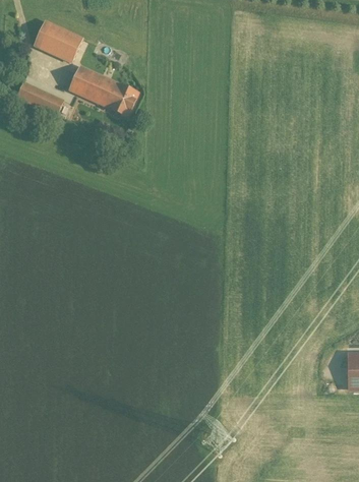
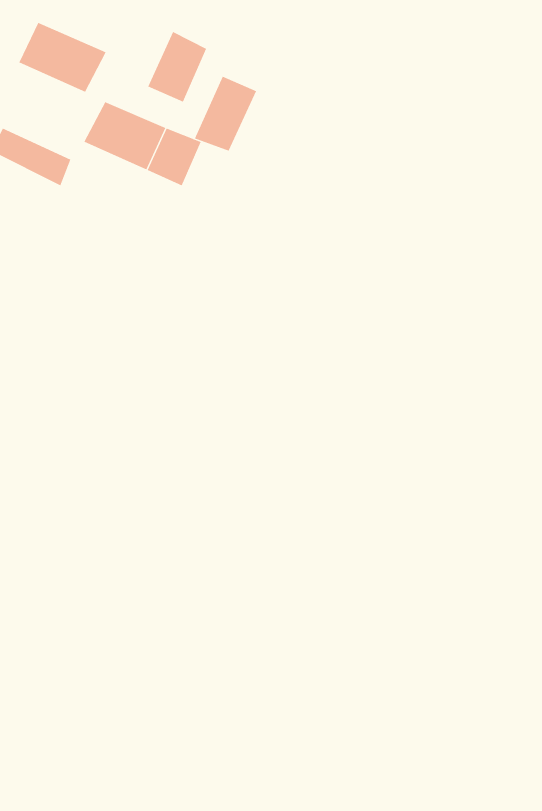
building: none -> [148,31,207,103]
building: none -> [194,76,257,152]

